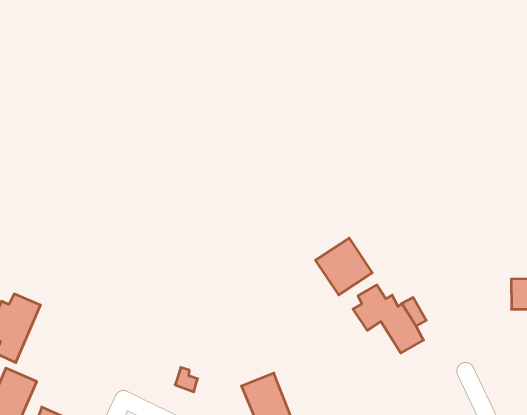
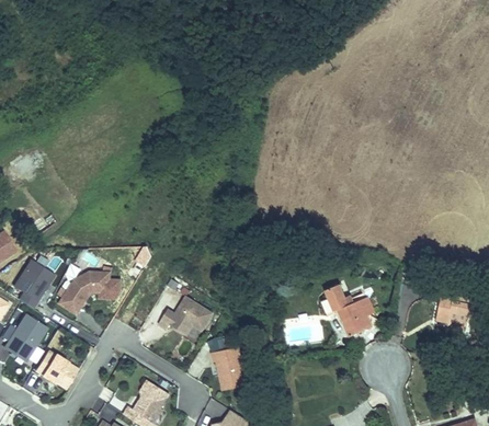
building: [316,238,372,295] -> none
building: none -> [58,268,113,314]
building: none -> [159,293,217,334]

